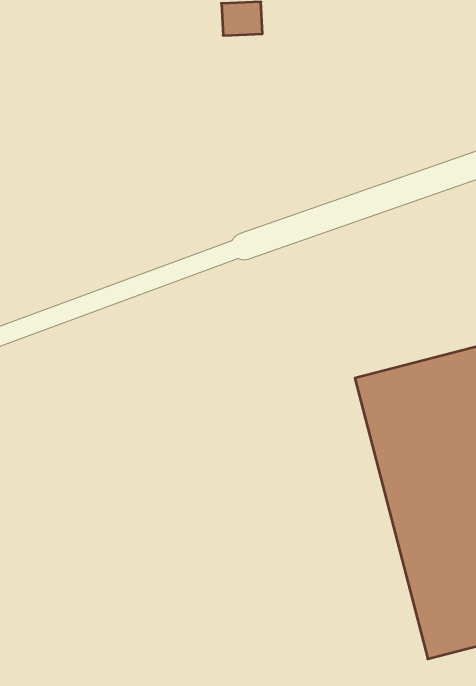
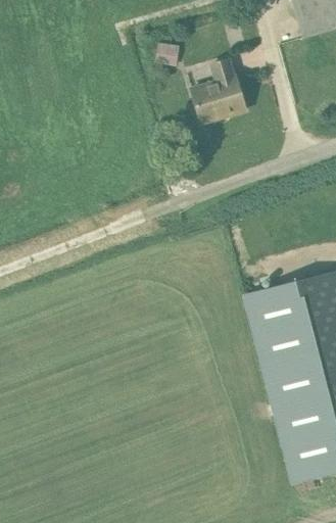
building: none -> [190,57,244,121]

